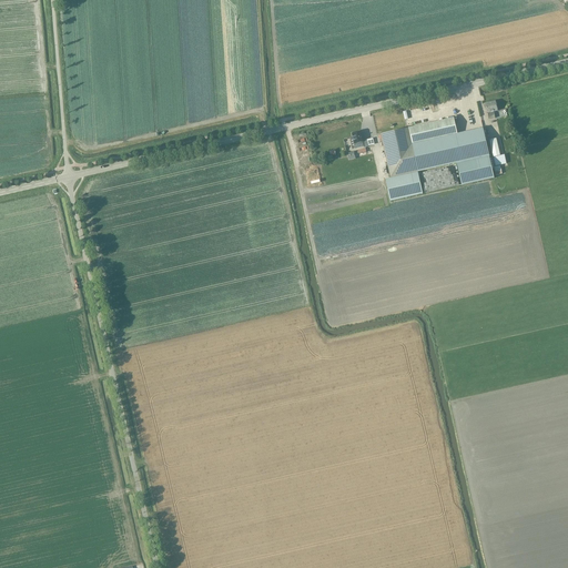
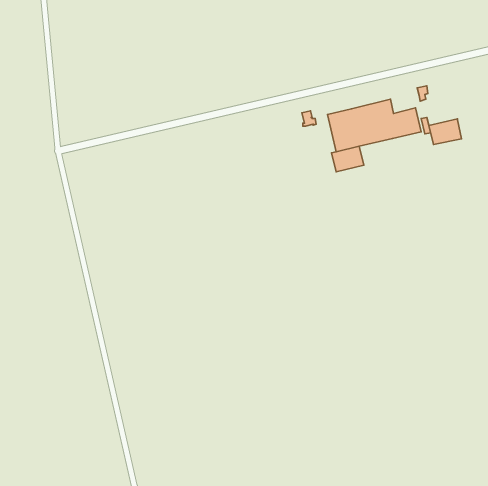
building: [456,153,494,183] -> [429,119,461,145]

